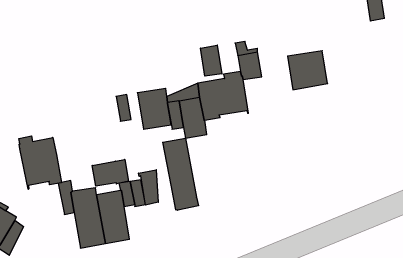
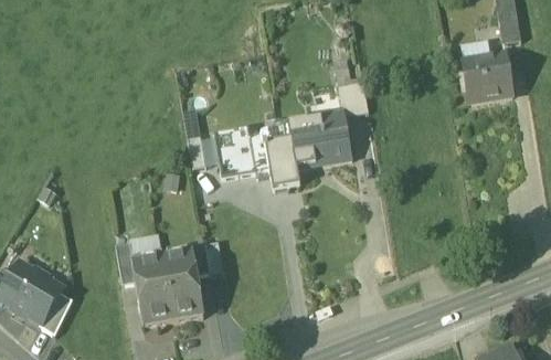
building: [201,45,222,76] -> none
building: [288,51,328,90] -> [463,54,512,103]
building: [19,136,62,189] -> none
building: [163,138,198,210] -> none
building: [92,159,129,186] -> none
building: [139,170,158,205] -> none

